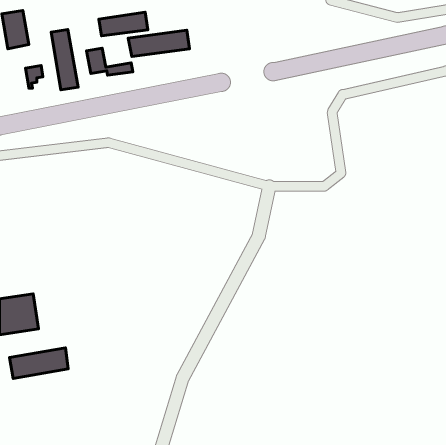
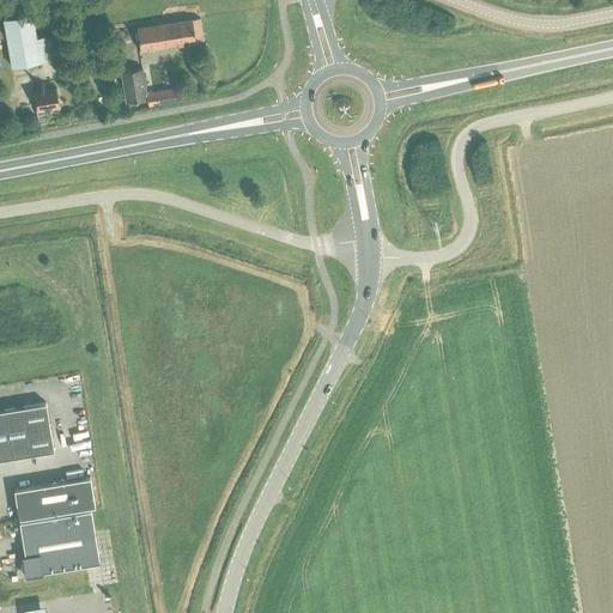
building: [51,30,78,90] -> none
building: [128,30,190,57] -> none
building: none -> [18,512,98,578]

